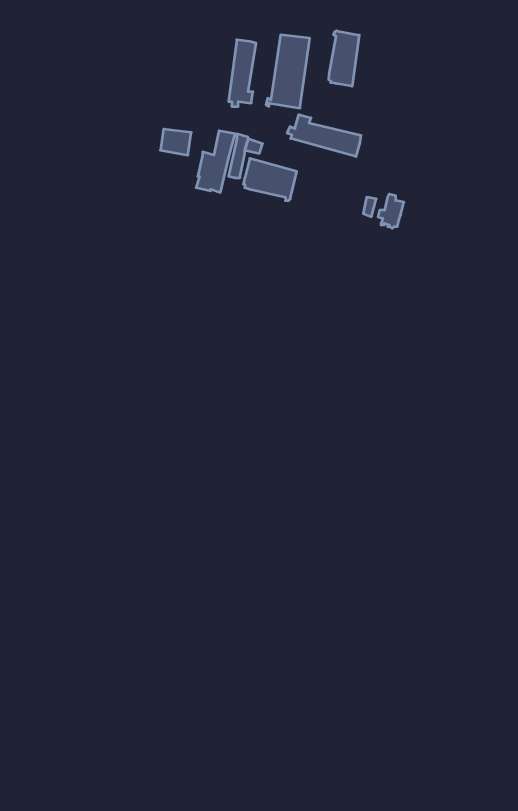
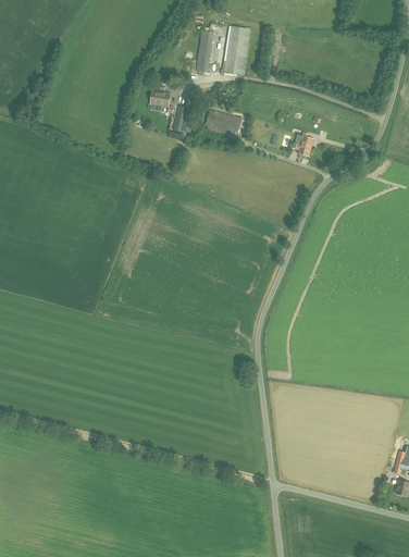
building: [329,31,359,86] -> none
building: [287,115,361,157] -> none

